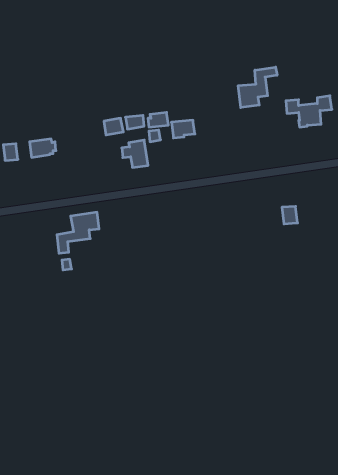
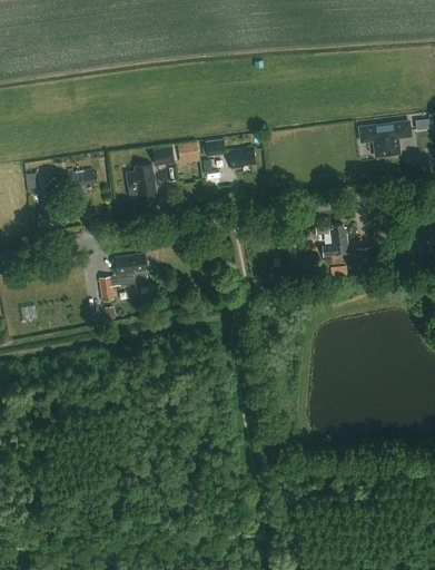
building: [238,67,277,108] -> none
building: [122,140,148,167] -> [127,164,157,195]
building: none -> [320,224,349,268]

